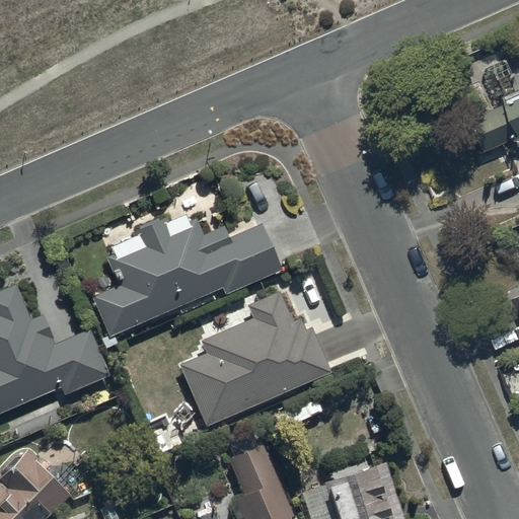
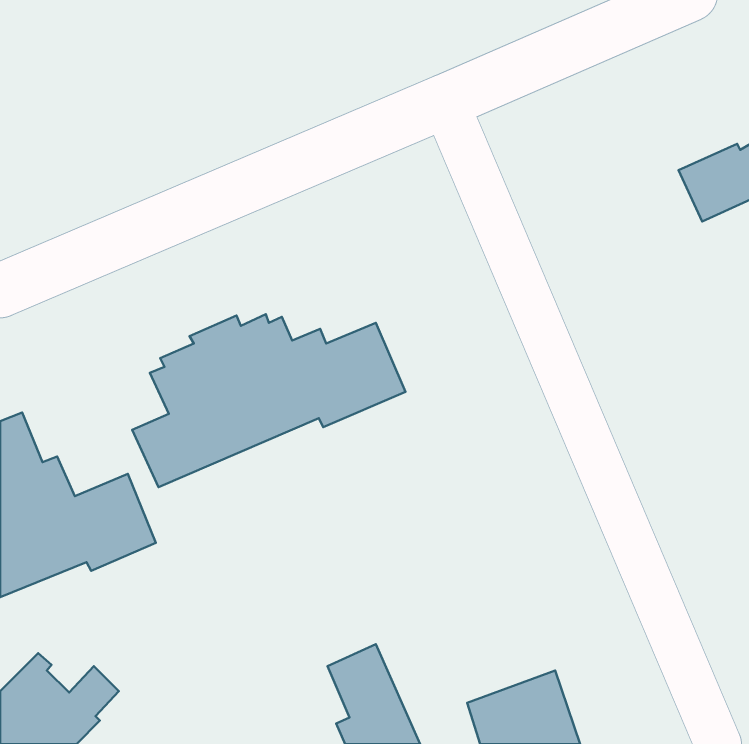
building: [179,292,331,428] -> none

